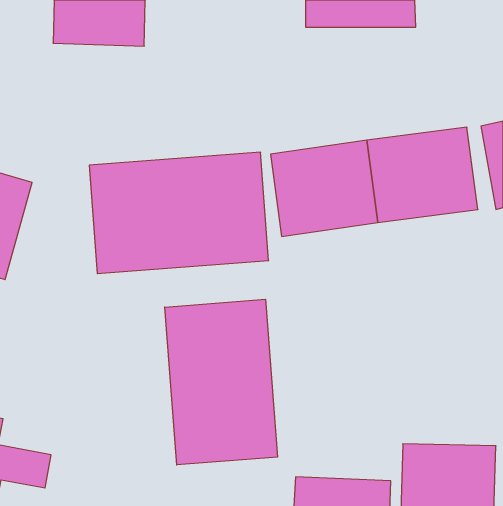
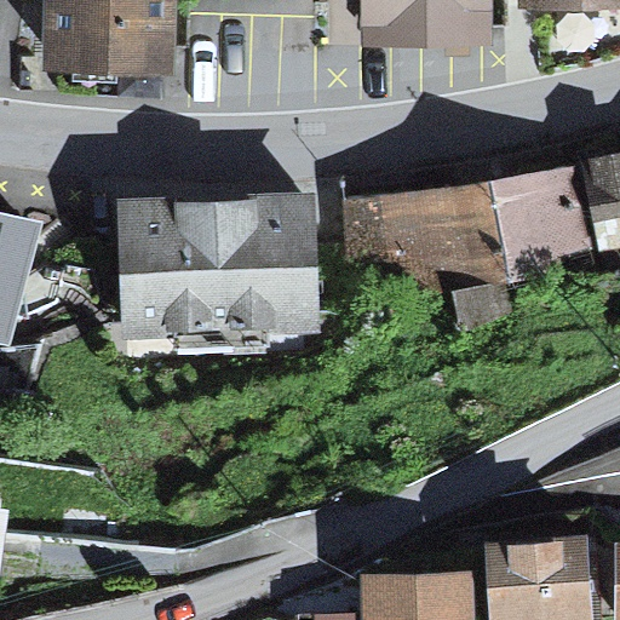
building: [165,299,277,465] -> none

